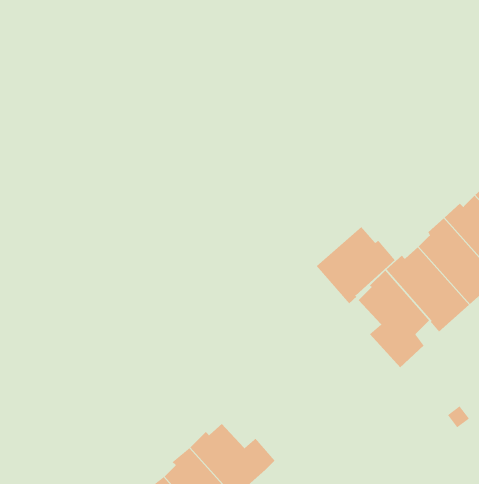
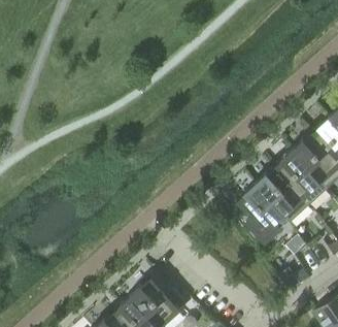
building: [316,226,396,304] -> none

